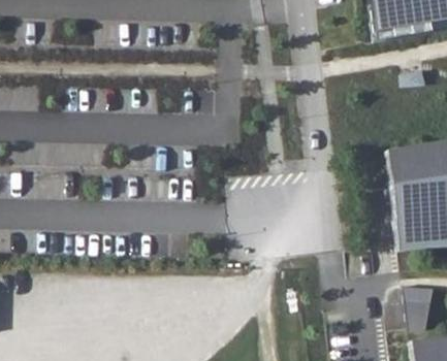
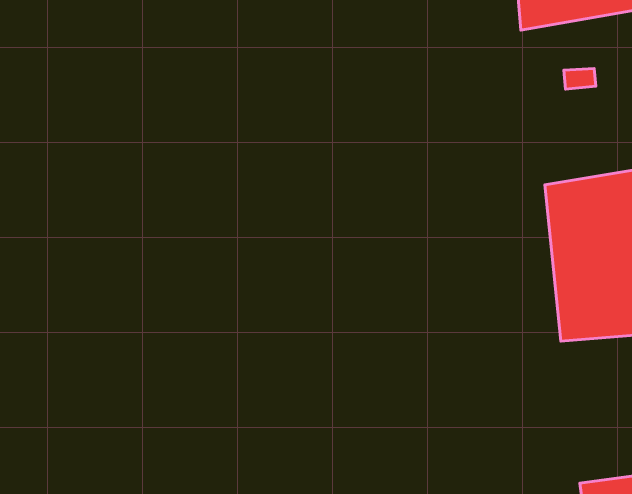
building: [405,285,437,331] -> none

